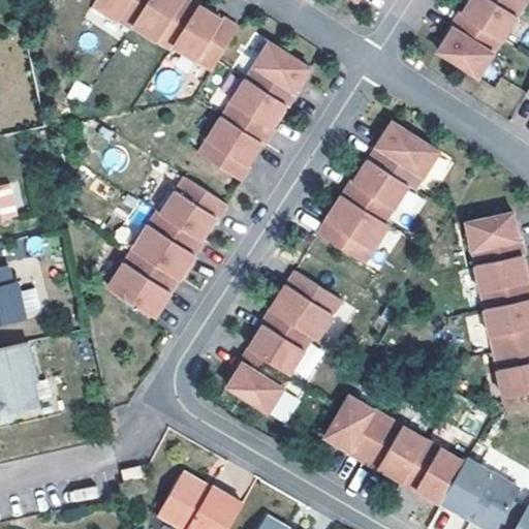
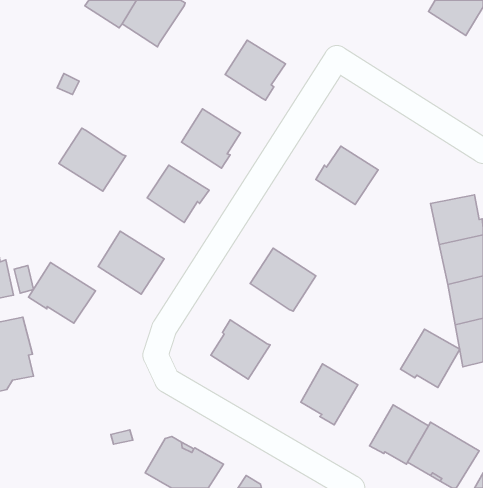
building: [173,6,238,71] -> none
building: [439,10,504,75] -> none
building: [219,81,284,146] -> none
building: [369,120,440,188] -> none
building: [318,194,390,262] -> none
building: [130,212,203,280] -> [59,128,126,191]
building: none -> [28,262,95,323]
building: [249,307,313,372] -> none
building: [362,416,426,479] -> [401,329,460,387]

